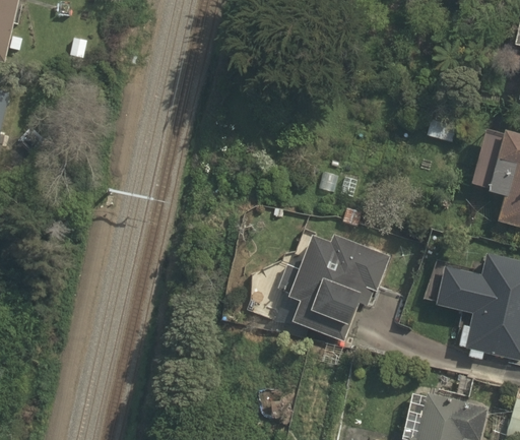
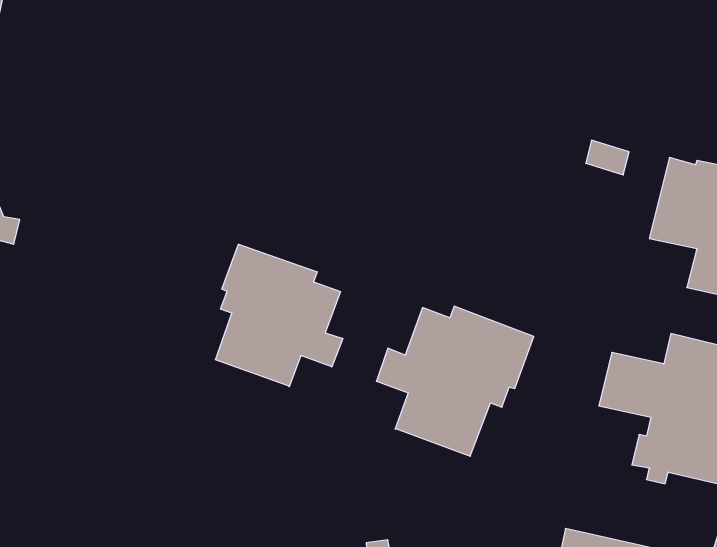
building: none -> [215,244,343,387]

